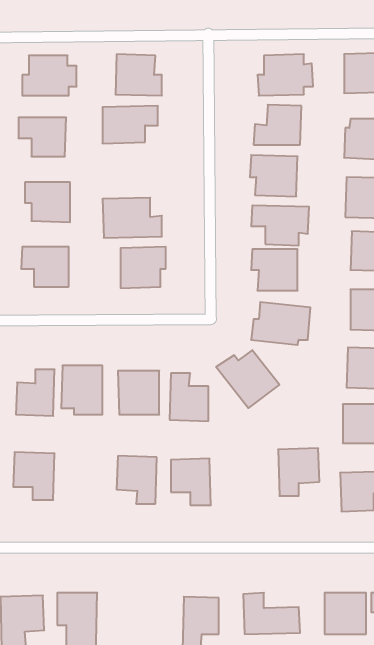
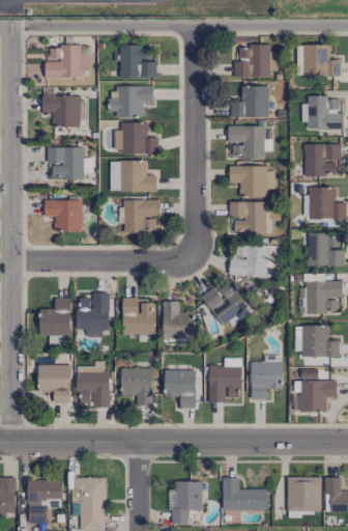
building: none -> [114,121,157,153]
building: none -> [208,358,241,402]
building: none -> [76,361,110,407]

